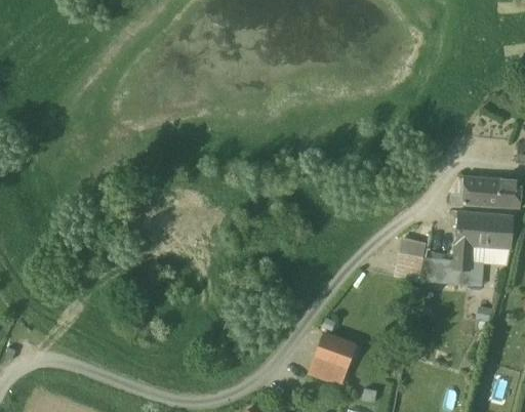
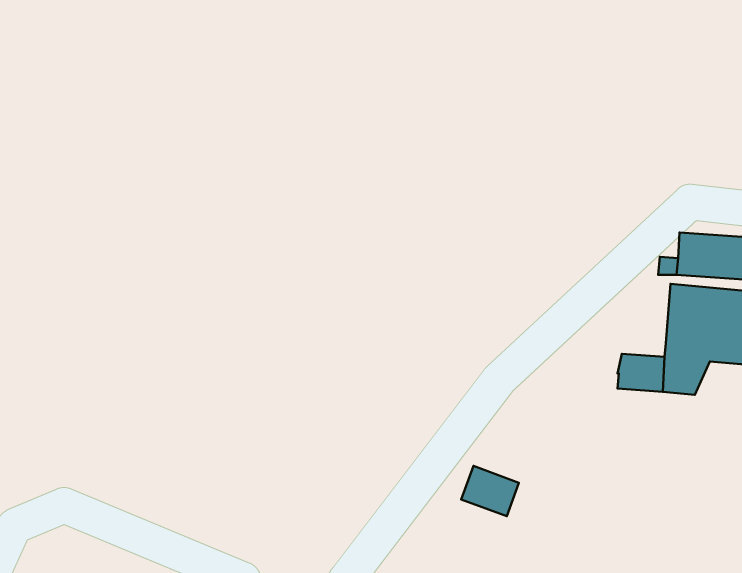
building: [394,251,422,281] -> none
building: [310,355,347,382] -> none

